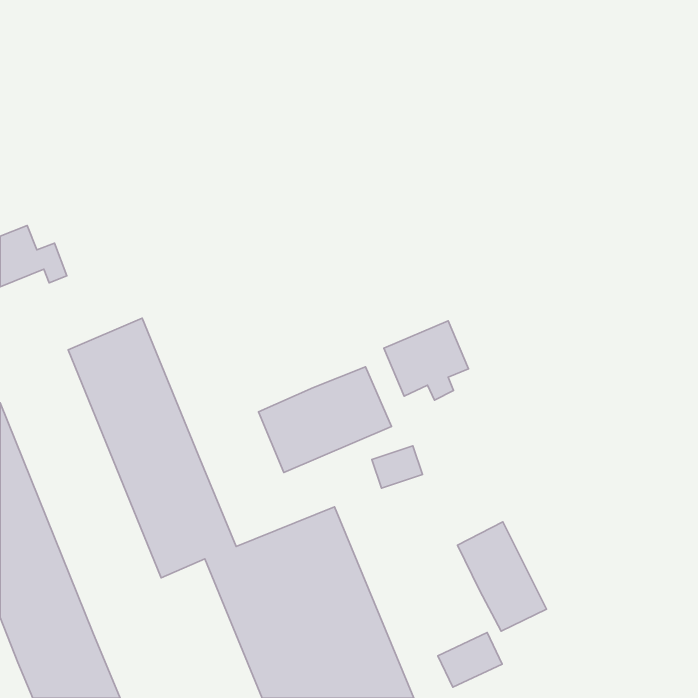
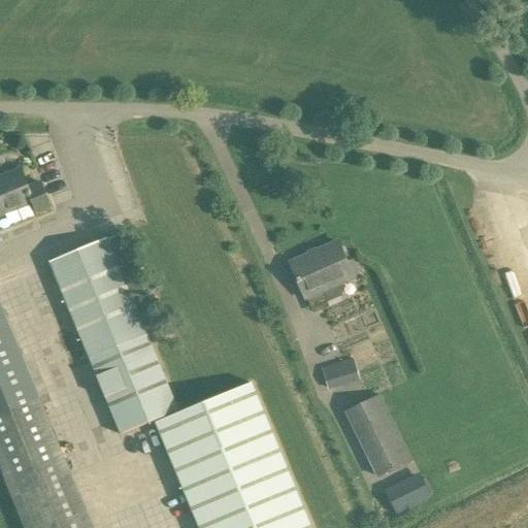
building: [259,367,392,473] -> none
building: [372,446,423,488] -> [322,358,360,390]
building: [438,633,502,687] -> [384,471,432,513]

